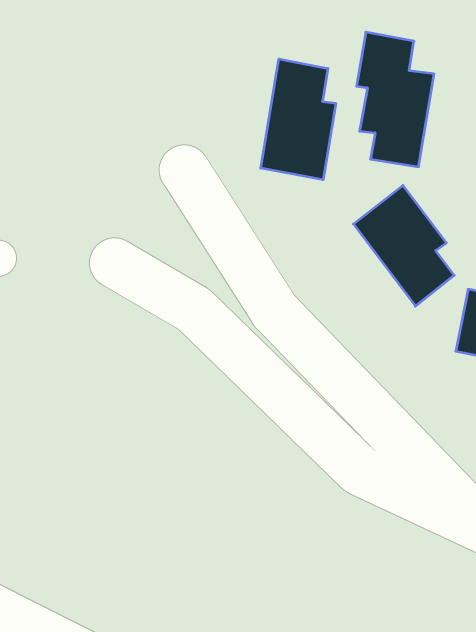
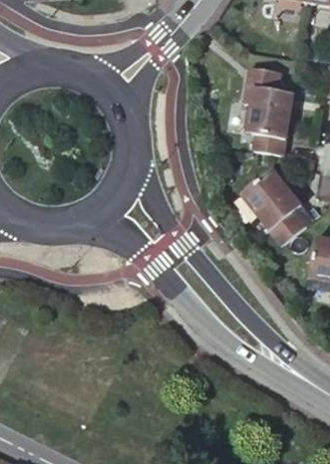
building: [261,59,336,180] -> none

